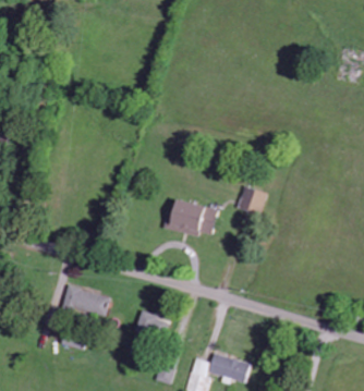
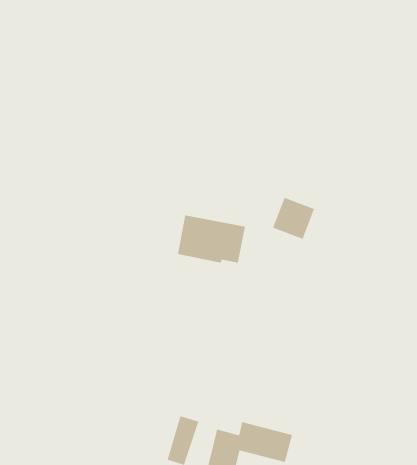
building: [62,284,111,319] -> none
building: [135,310,170,340] -> none

